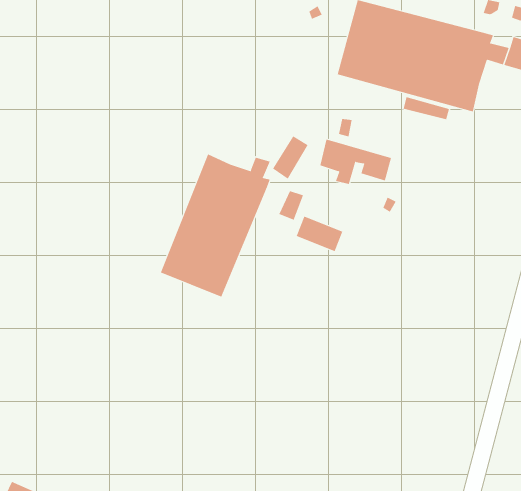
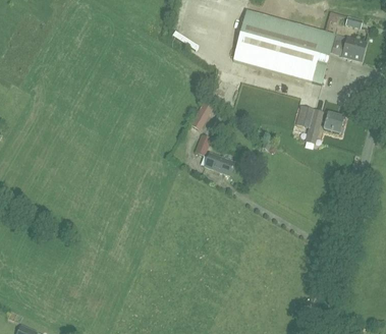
building: [320,139,392,184] -> [296,105,343,134]
building: [160,153,270,298] -> none

